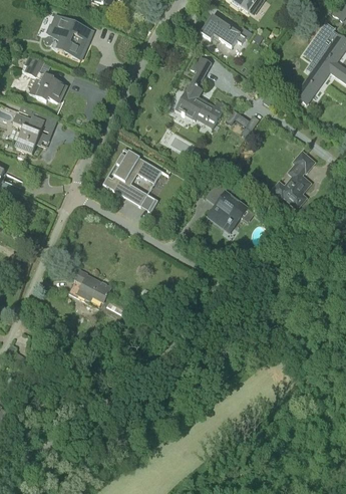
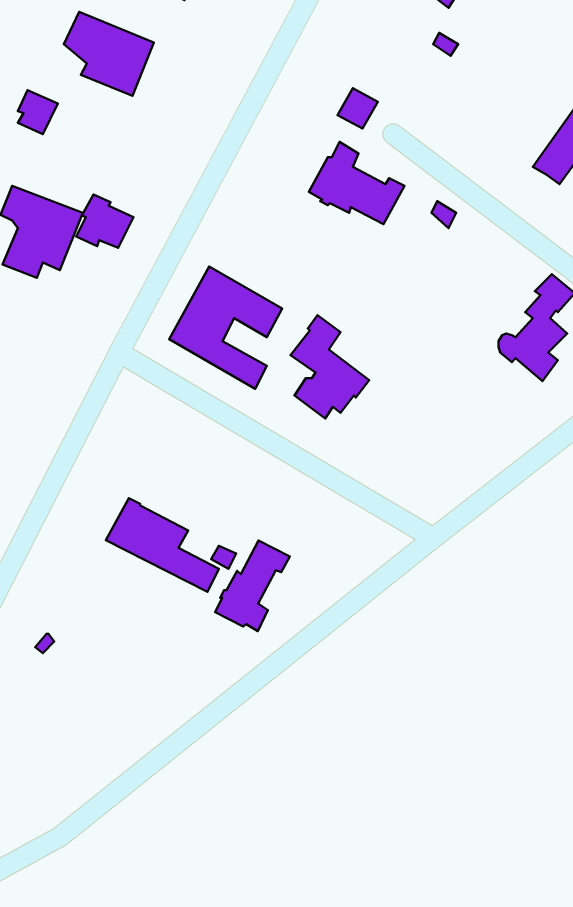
building: [200,15,245,47] -> none
building: [35,73,65,101] -> [76,194,134,248]
building: [207,174,248,228] -> [291,315,369,418]
building: none -> [215,541,290,631]

